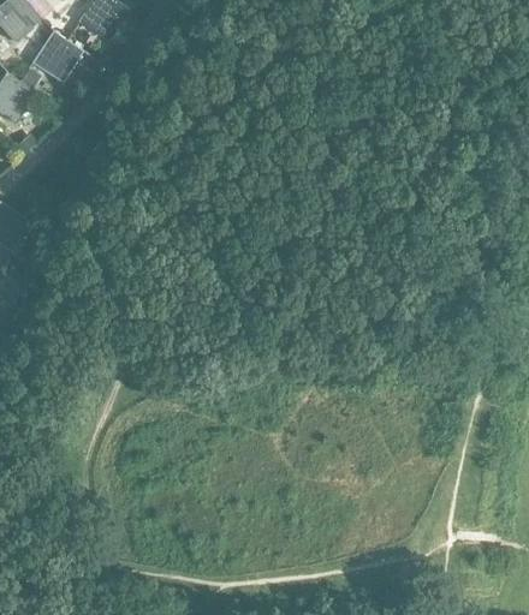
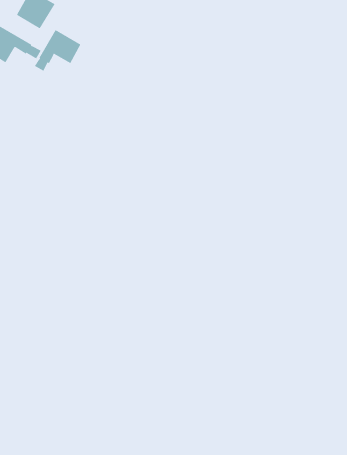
building: none -> [34,29,81,71]

